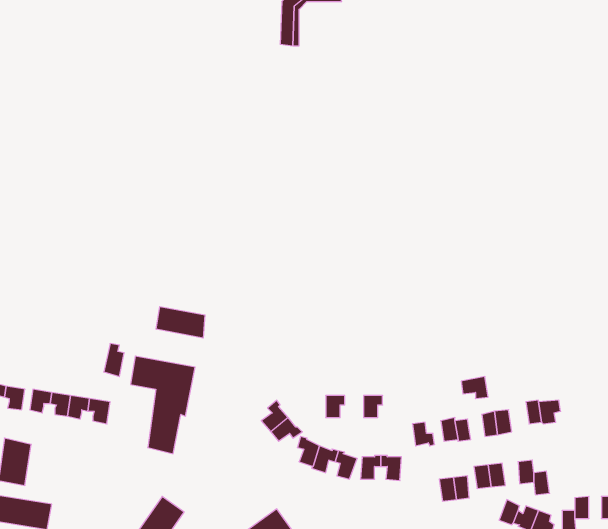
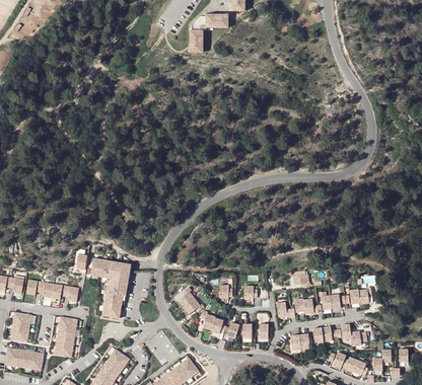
building: [156,307,205,338] -> none
building: none -> [52,315,75,357]

